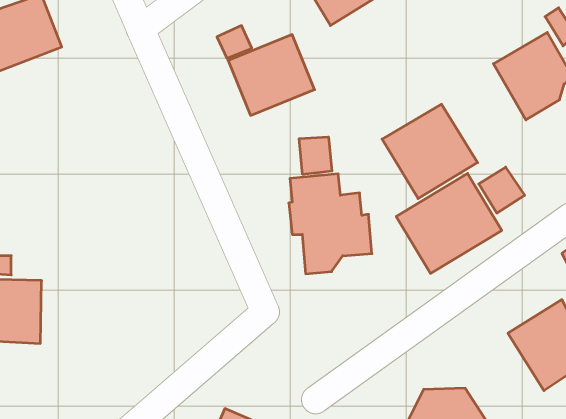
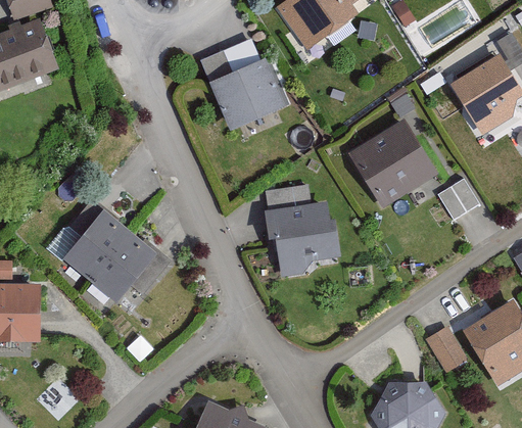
building: [299,137,332,174] -> none
building: [396,173,502,273] -> none
building: none -> [62,207,168,300]
building: none -> [424,327,466,372]

